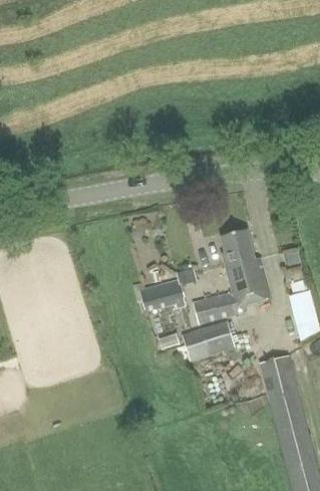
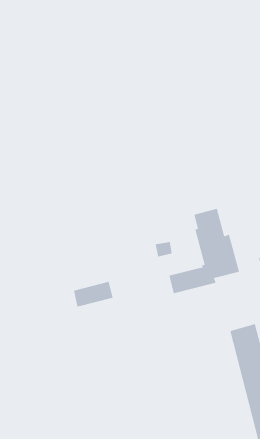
building: [139,278,184,306] -> [73,281,114,307]
building: [182,320,235,359] -> none

